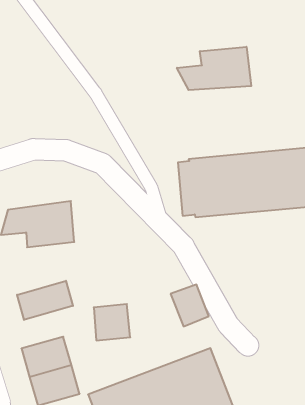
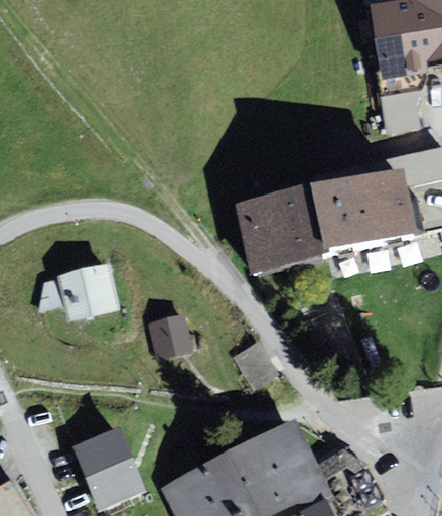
building: [177,47,251,90] -> none
building: [17,281,73,320] -> none
building: [94,304,130,340] -> [146,314,192,361]

